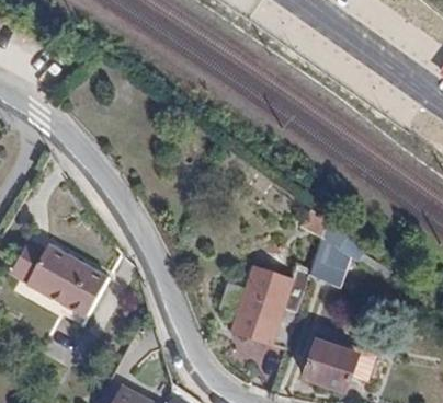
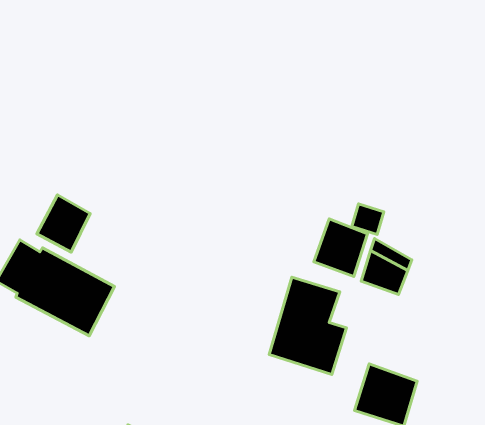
building: none -> [37,195,90,252]
building: none -> [314,219,368,276]

